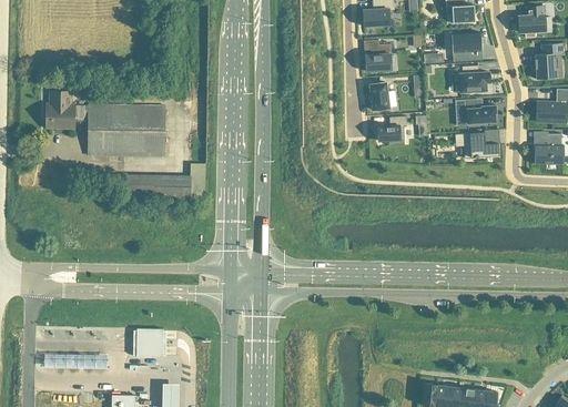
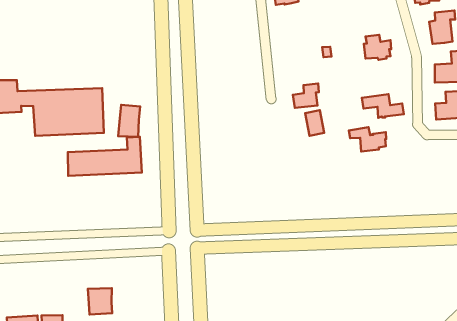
building: [452,32,481,61] -> none
building: [365,40,390,71] -> none
building: [369,82,389,110] -> [305,110,324,136]
building: [455,99,496,125] -> [349,127,386,152]
building: none -> [118,105,140,137]

